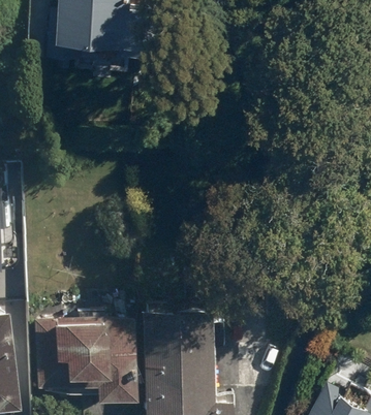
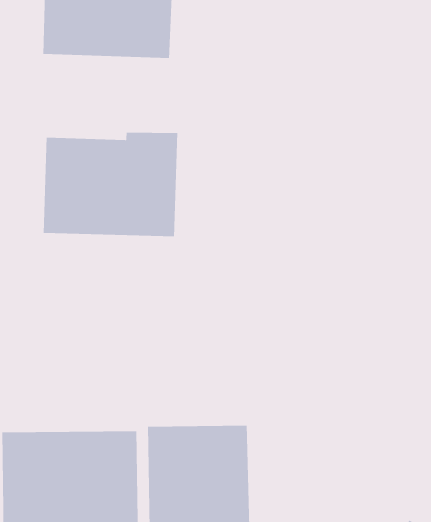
building: none -> [43,132,178,237]

